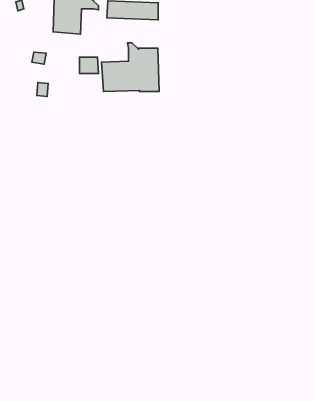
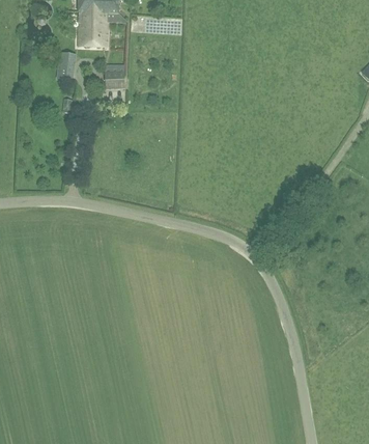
building: [101,43,159,92] -> none

